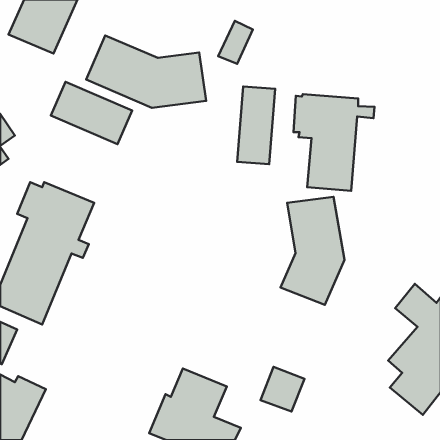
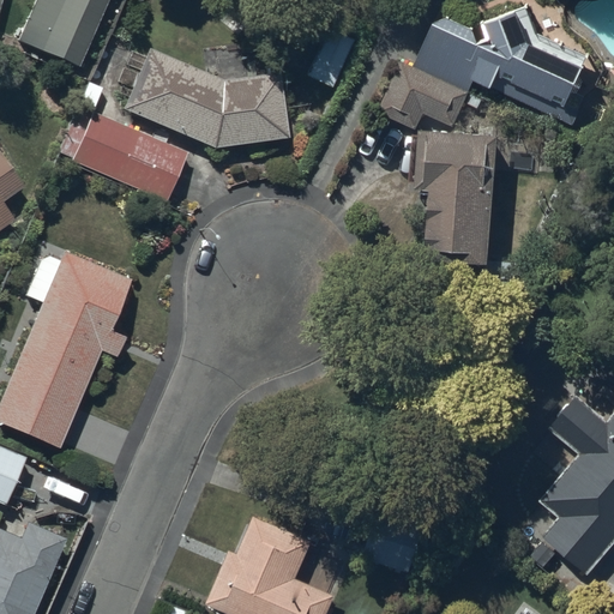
building: none -> [379,5,589,131]
building: [237,87,275,164] -> none
building: [280,197,345,305] -> none

